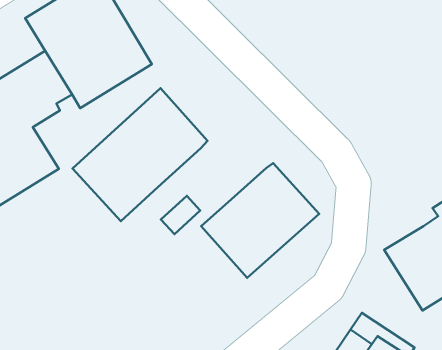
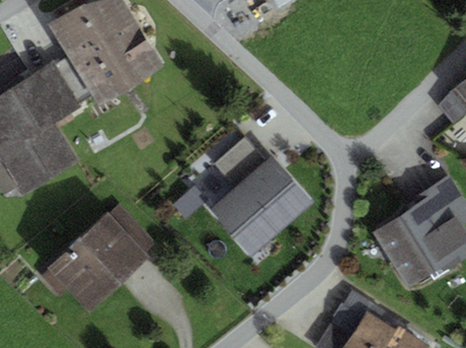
building: [73,88,207,221] -> none
building: none -> [213,136,265,188]
building: none -> [42,206,155,312]

